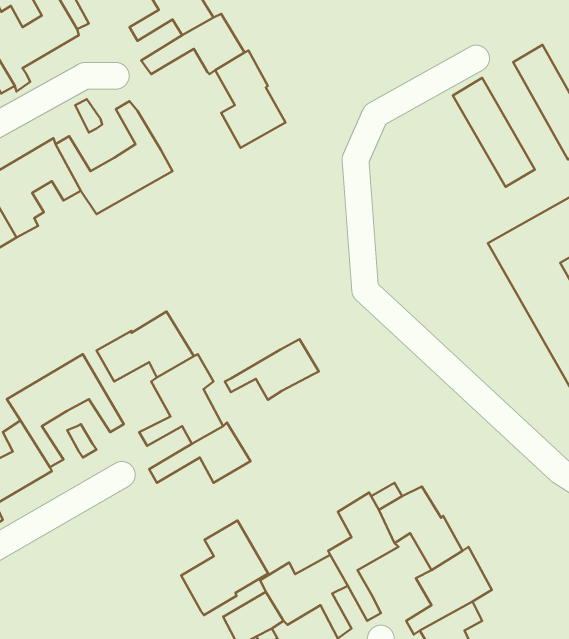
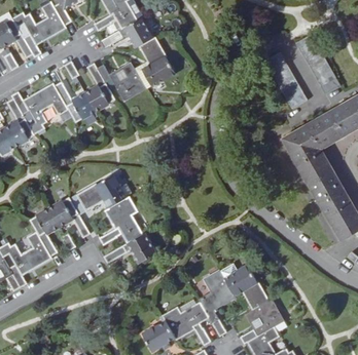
building: none -> [97,62,145,101]
building: [225,339,319,400] -> none
building: [181,521,268,615] -> none

